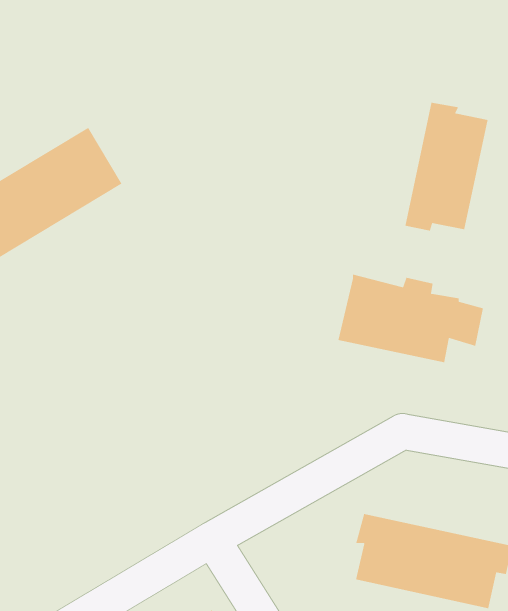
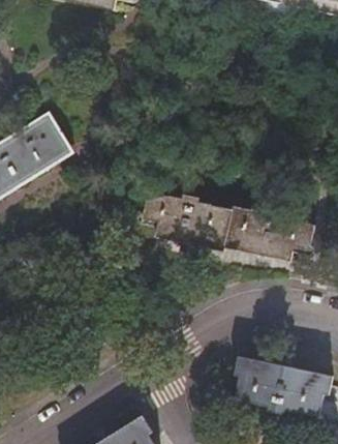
building: [404,102,488,232] -> none
building: none -> [140,191,229,250]

